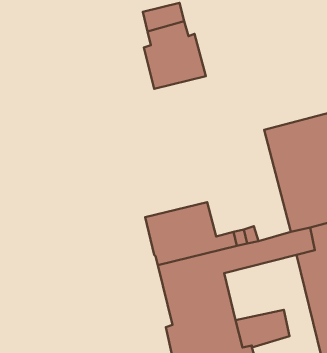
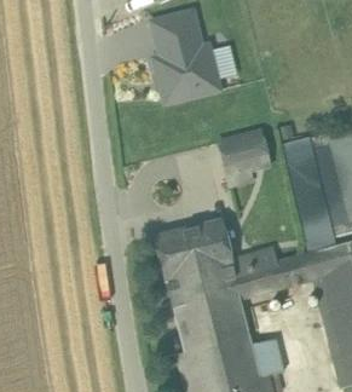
building: none -> [219,129,270,183]

